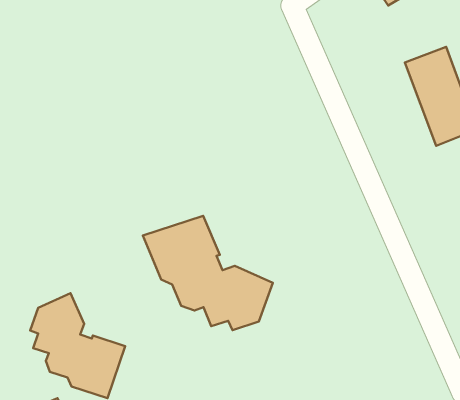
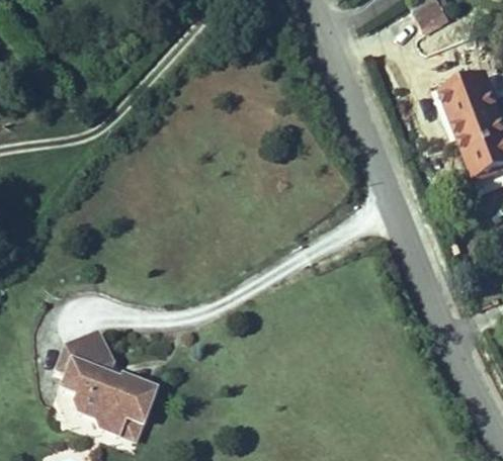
building: [143,216,273,330] -> none

